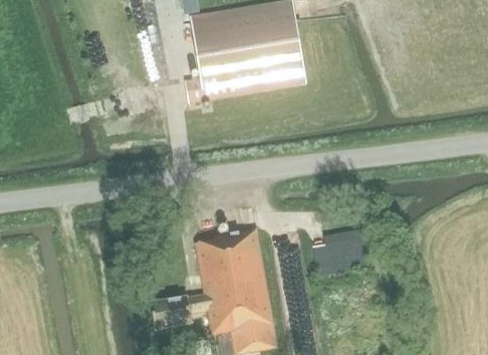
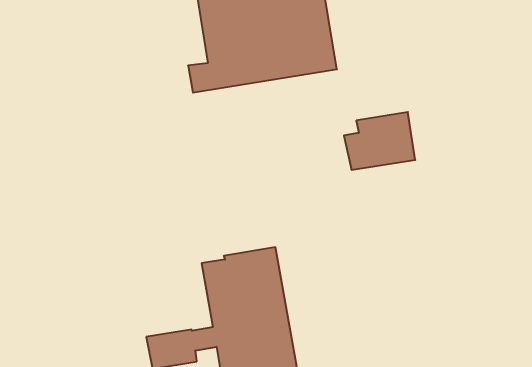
building: [311,226,370,273] -> [344,112,415,170]

